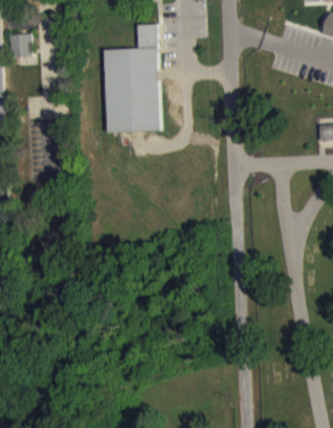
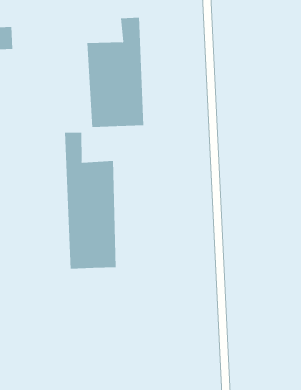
building: none -> [65,132,116,270]

